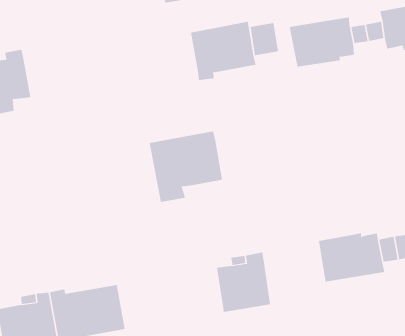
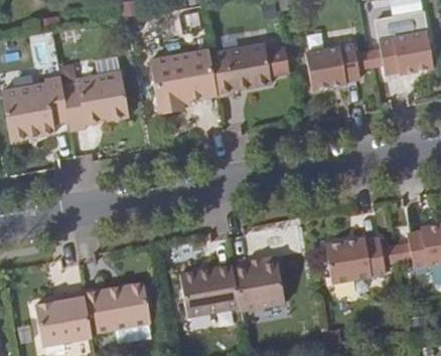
building: none -> [61,66,128,127]
building: [149,131,223,202] -> [150,48,216,113]
building: none -> [178,263,240,317]

